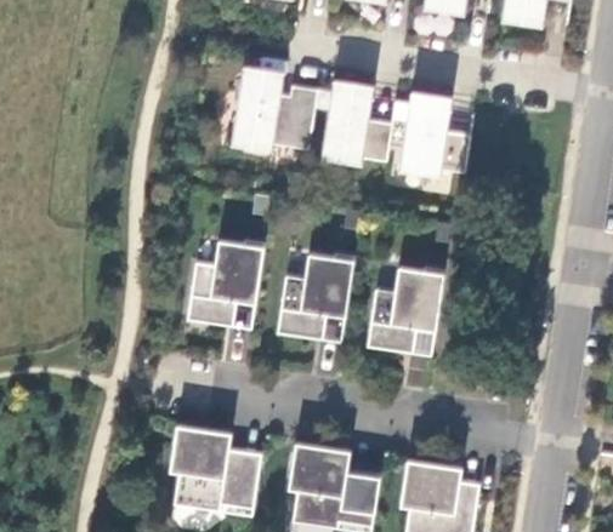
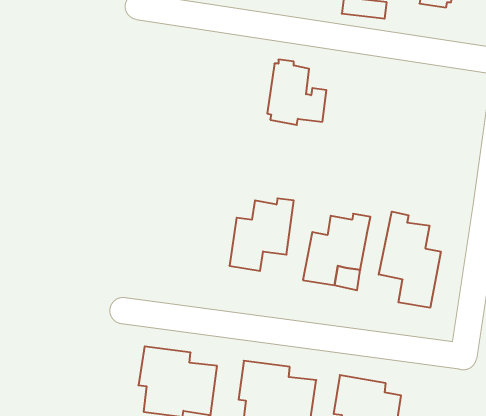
building: [232,69,319,150] -> none
building: [401,99,470,176] -> none
building: [188,241,266,327] -> none
building: none -> [379,212,441,308]

